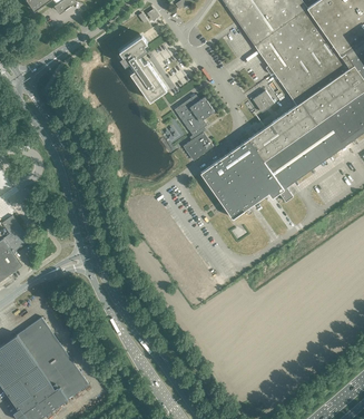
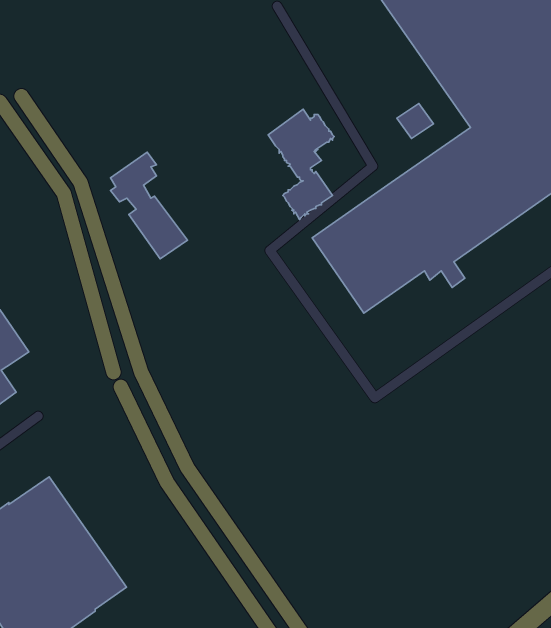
building: [119,35,166,99] -> [110,152,188,259]

